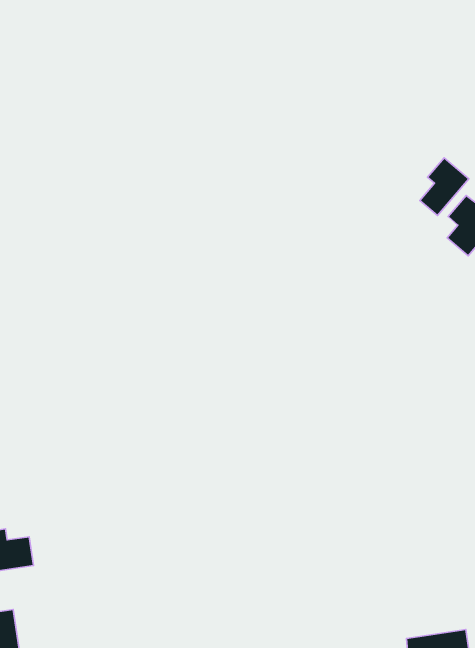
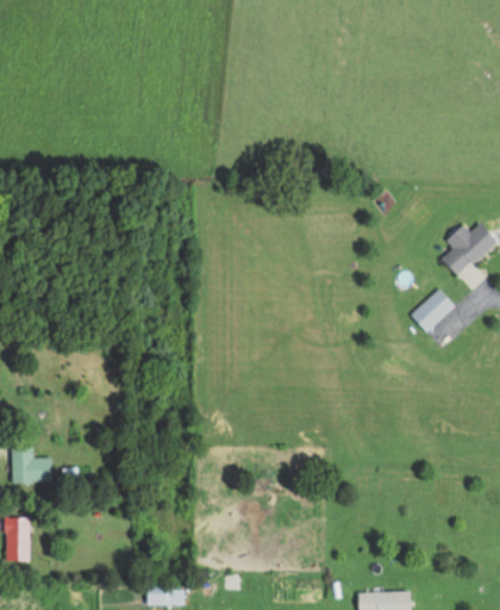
building: [420,158,469,215] -> none
building: none -> [411,288,455,334]

